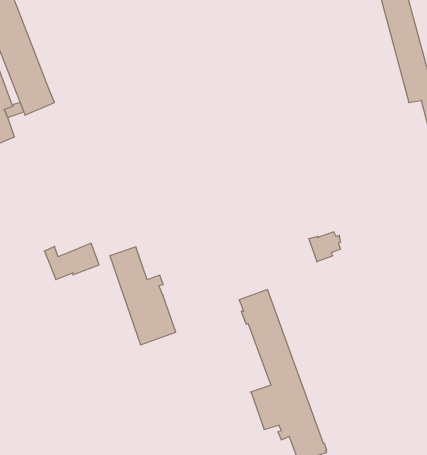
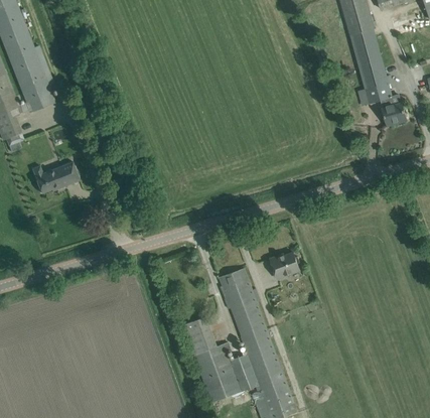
building: [309,232,341,262] -> [271,253,299,279]
building: [44,243,99,280] -> [31,161,80,193]
building: [110,247,176,345] -> [183,316,242,403]

